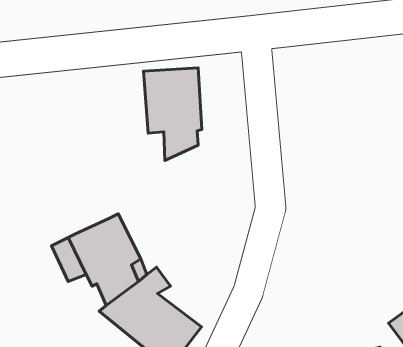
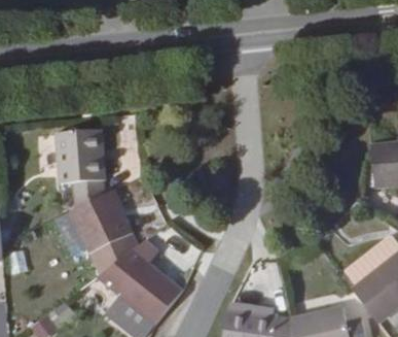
building: [144,68,202,161] -> [58,128,108,208]

